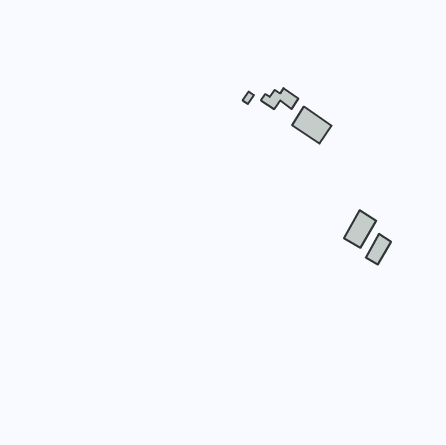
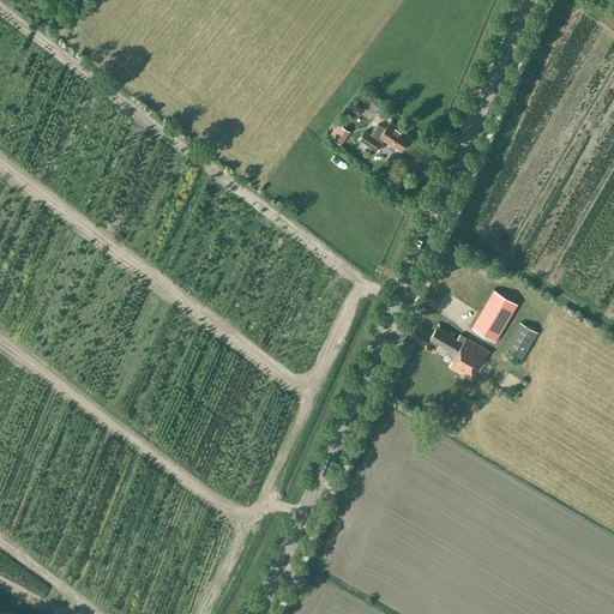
building: [292,107,332,144] -> none
building: none -> [431,327,489,380]

